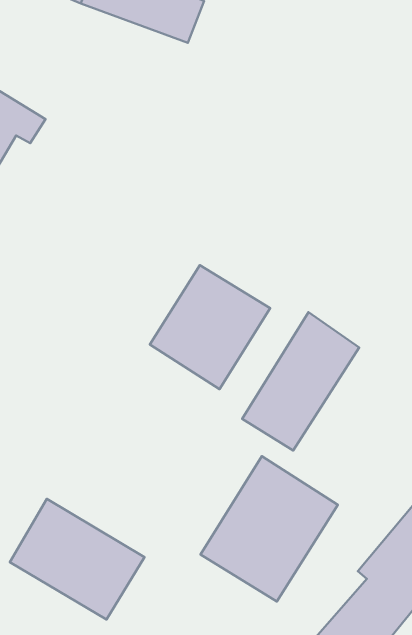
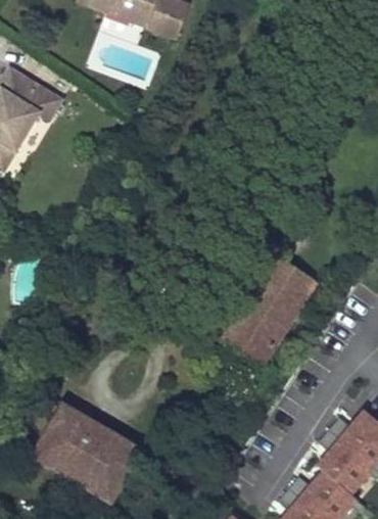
building: [150,265,270,389] -> none
building: [200,456,338,601] -> none

